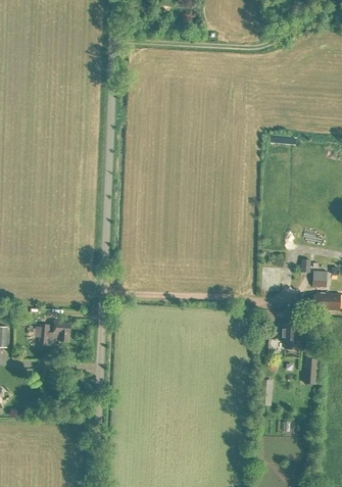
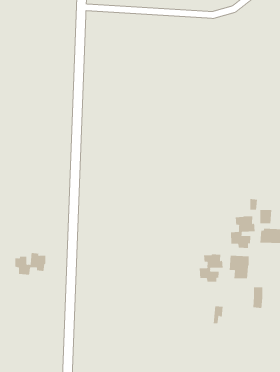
building: none -> [231,215,255,249]
building: none -> [199,254,223,283]

